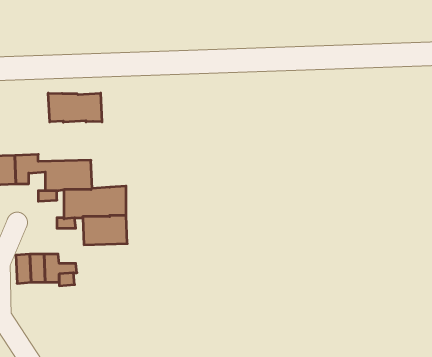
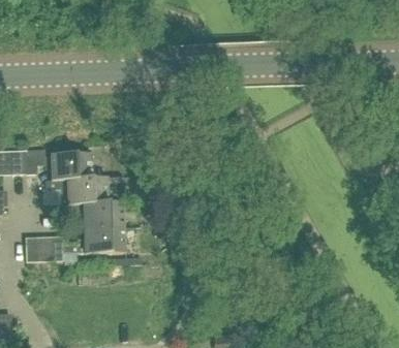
building: [48,93,102,122] -> none
building: none -> [85,226,124,253]

